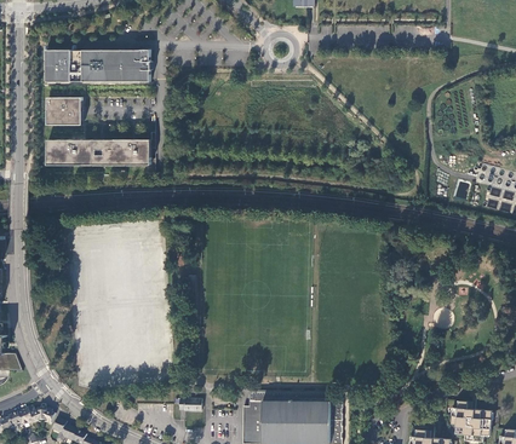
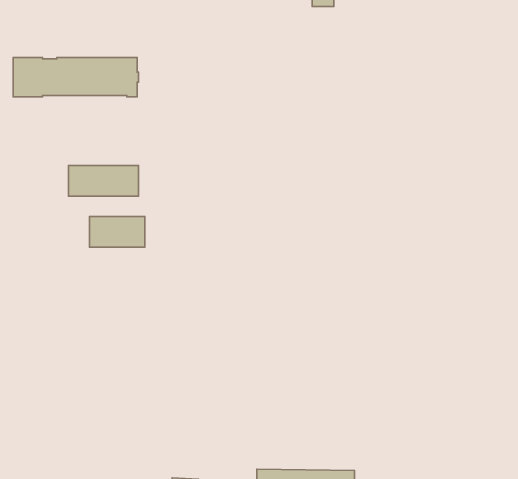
building: [46,97,81,125] -> none
building: [46,139,92,165] -> [90,217,145,247]

